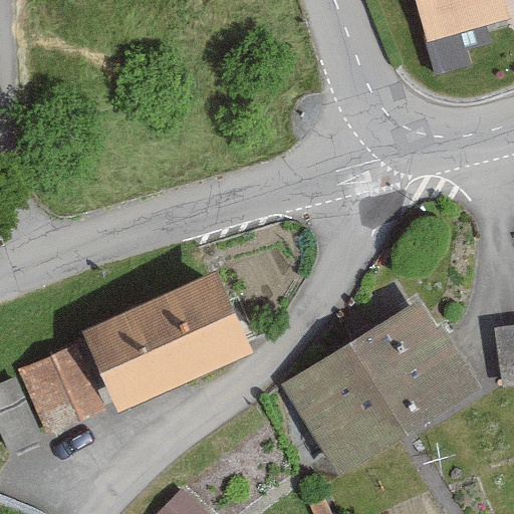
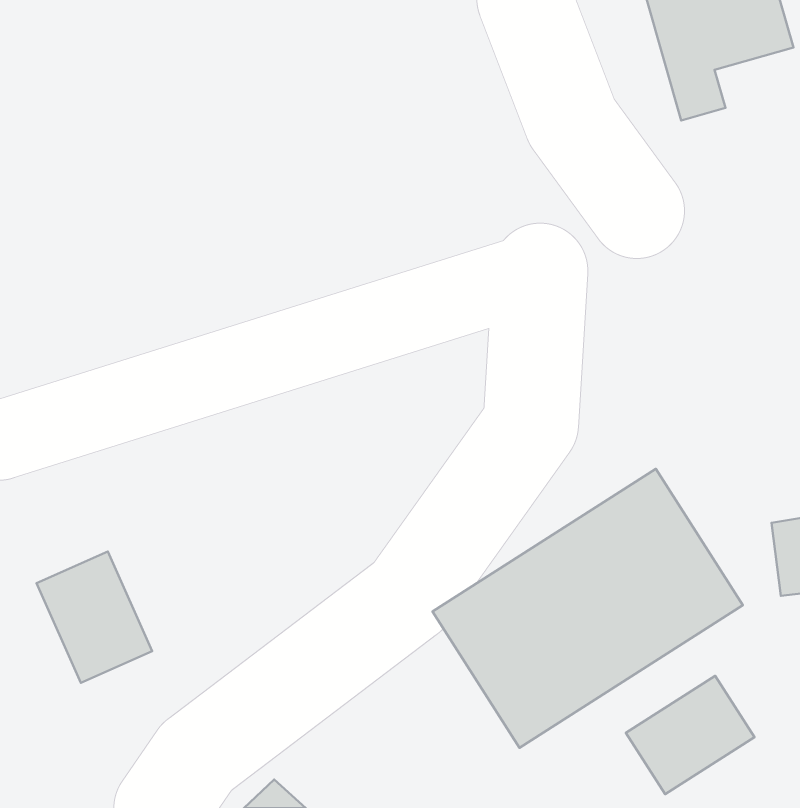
building: [84,273,250,408] -> none
building: none -> [626,676,754,794]

